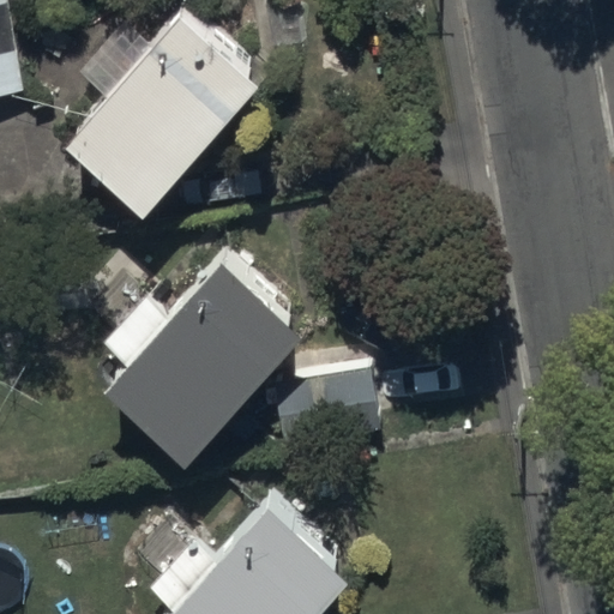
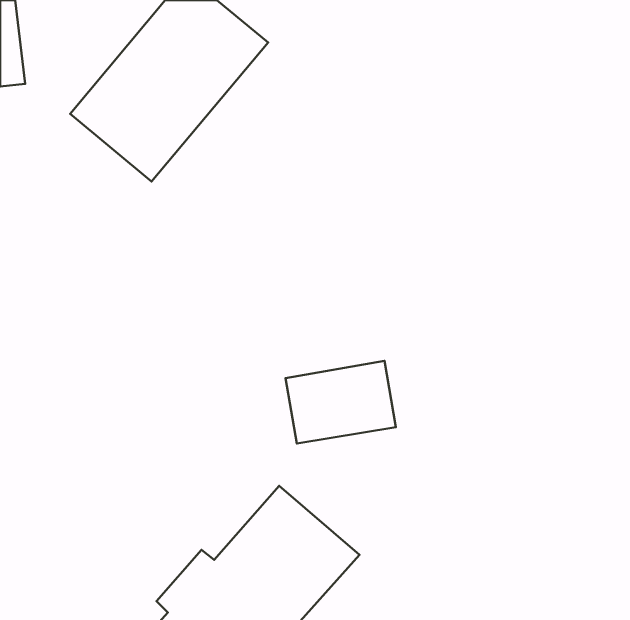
building: [112,240,308,444] -> none

